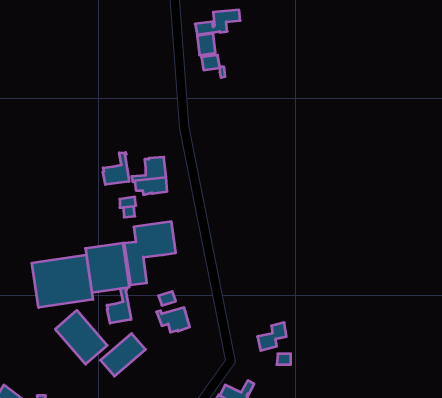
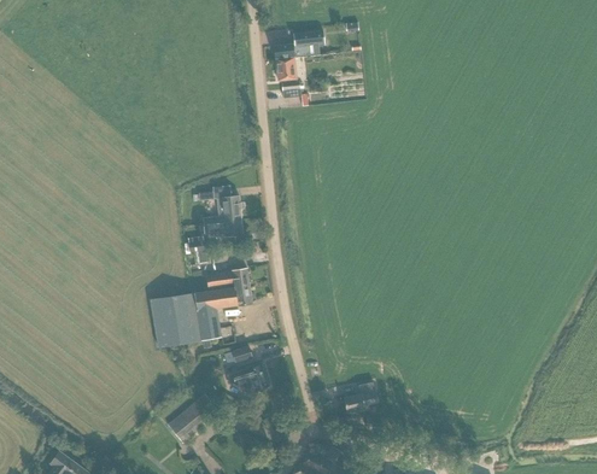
building: [103,152,129,185] -> none
building: [32,255,93,308] -> none
building: [107,288,131,323] -> none
building: [55,310,107,364] -> none

